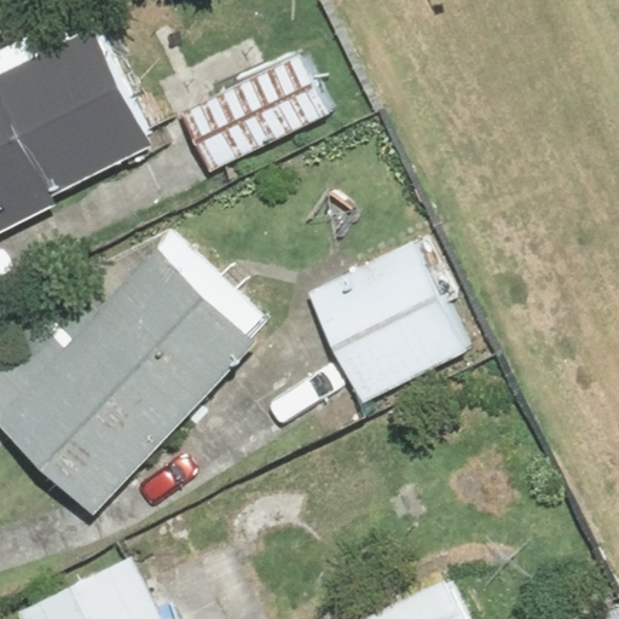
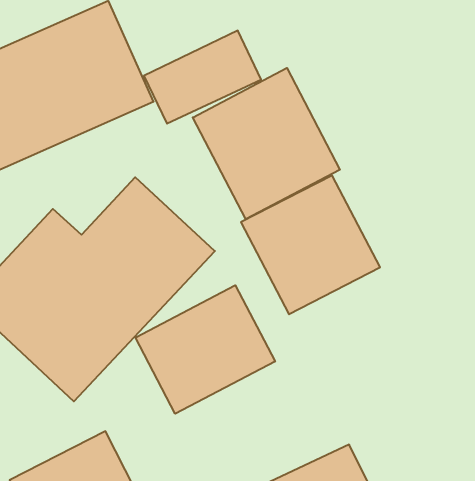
building: none -> [193,68,340,219]
building: none -> [135,285,275,414]

